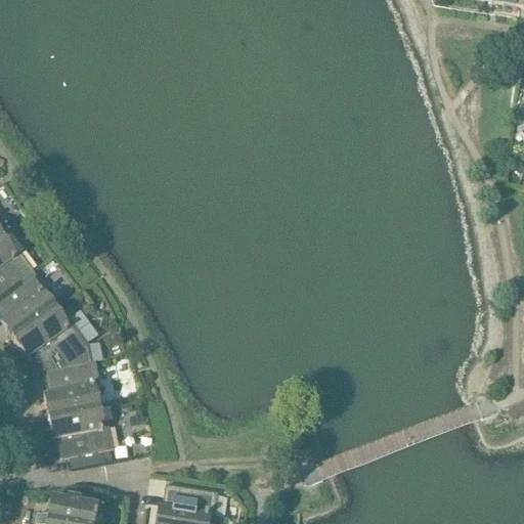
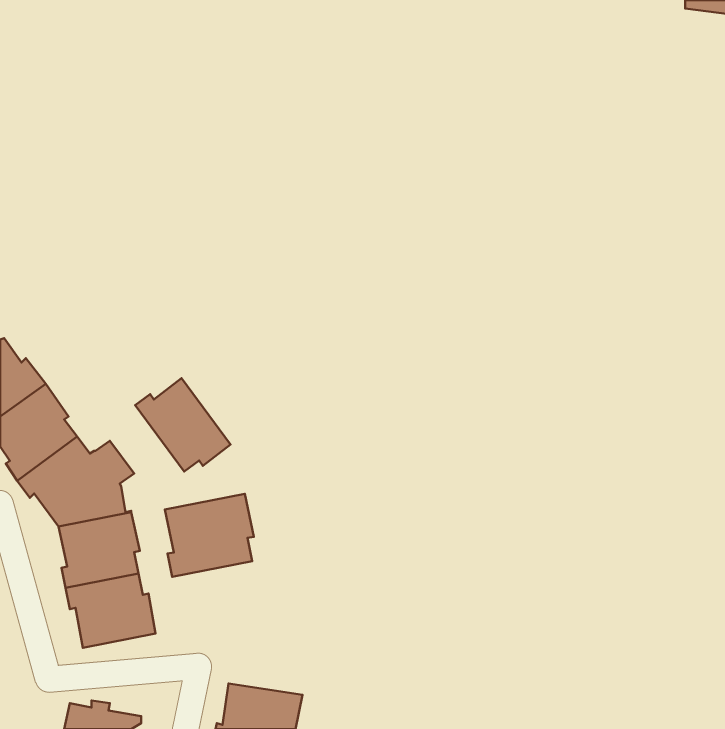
building: none -> [135,378,231,471]
building: none -> [165,494,254,577]

